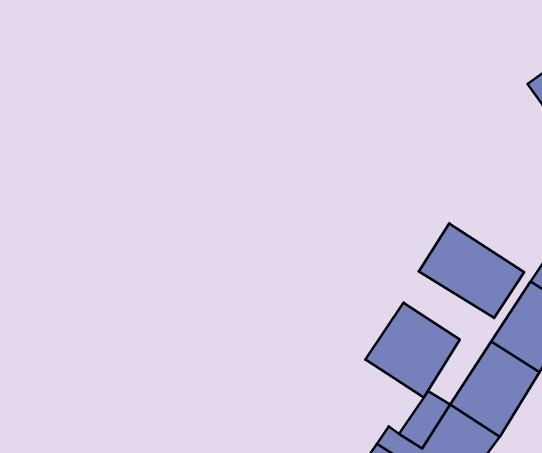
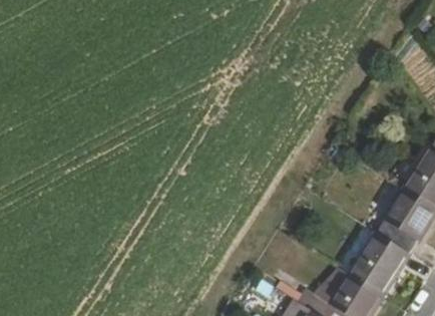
building: [419,223,524,318] -> none
building: [365,303,460,397] -> none

